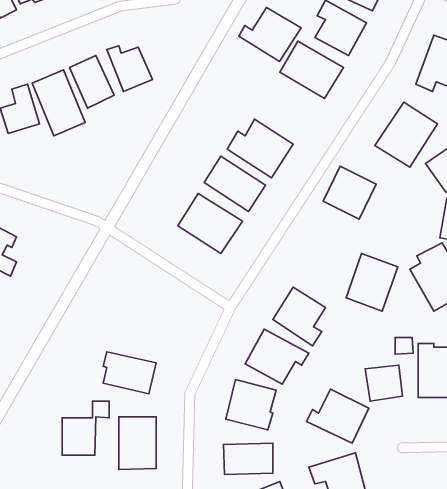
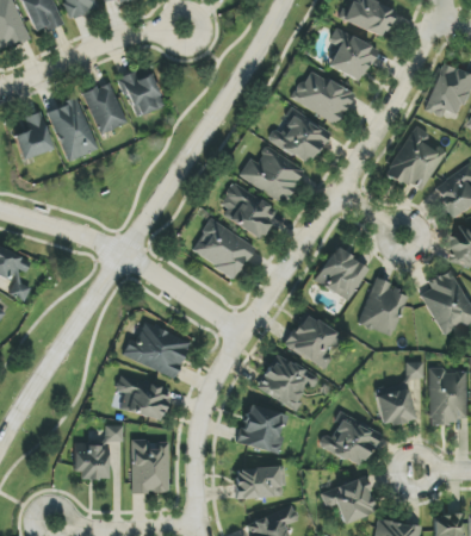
building: [239,7,301,61] -> [267,111,329,164]
building: [323,166,376,219] -> [315,248,367,300]
building: none -> [122,322,190,378]

